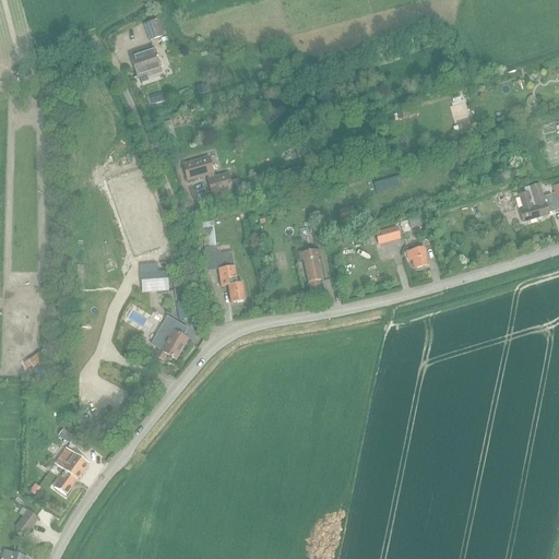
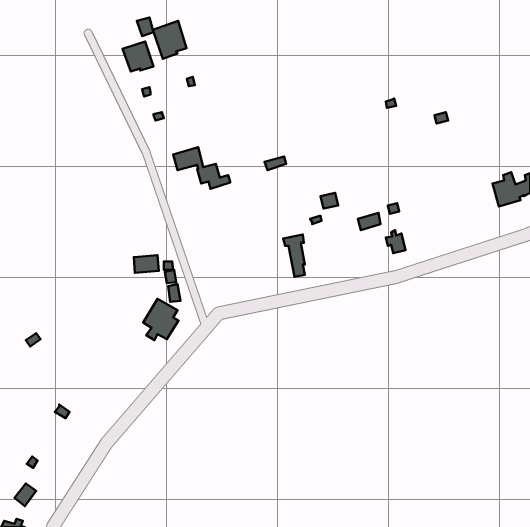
building: none -> [153,21,187,59]
building: [217,264,245,301] -> none
building: [53,447,87,495] -> none

